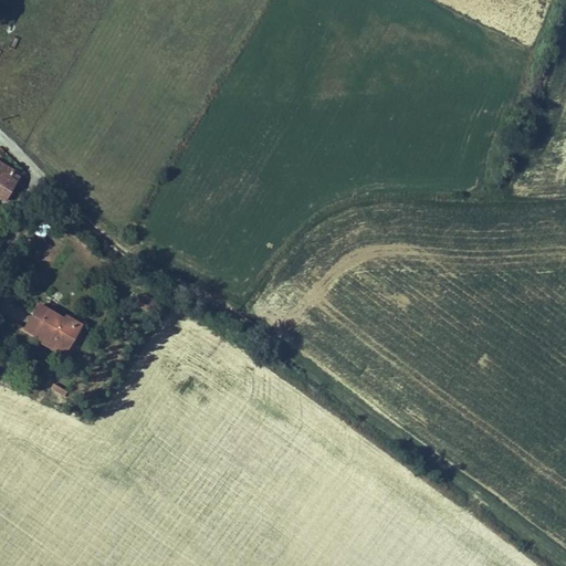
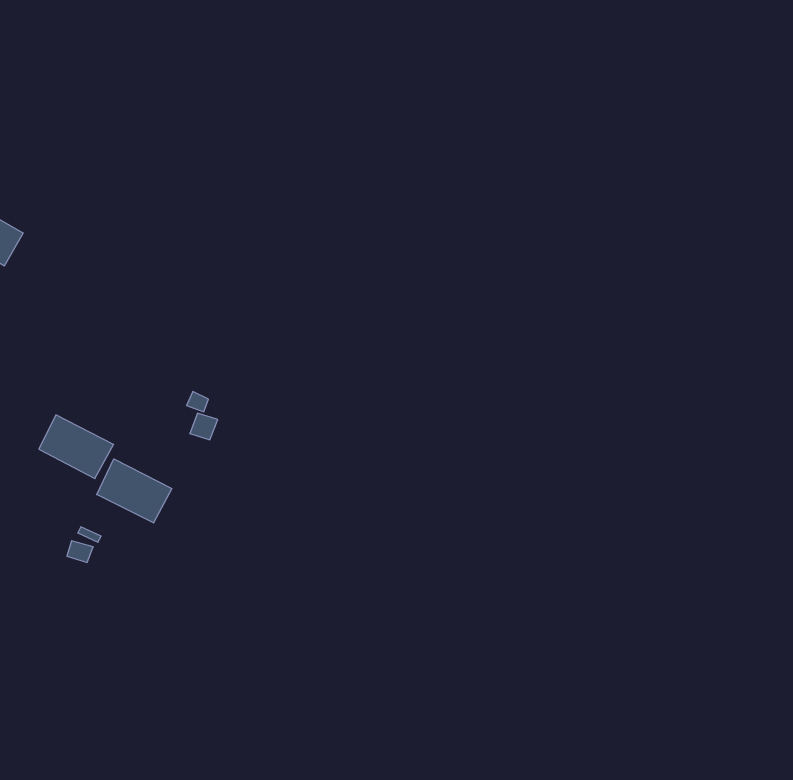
building: none -> [97,459,172,523]

